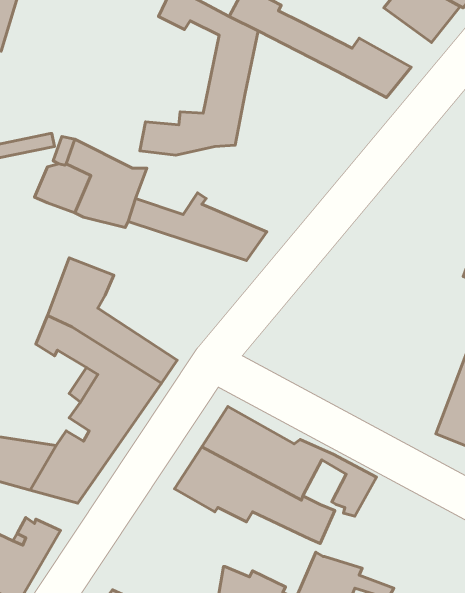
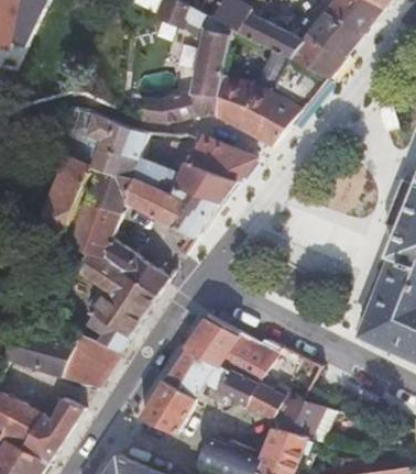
building: none -> [307,11,362,56]
building: none -> [212,59,328,147]
building: none -> [187,137,252,181]
building: none -> [44,159,90,233]
building: none -> [86,170,221,256]
building: none -> [141,377,197,432]
building: none -> [277,394,321,438]

